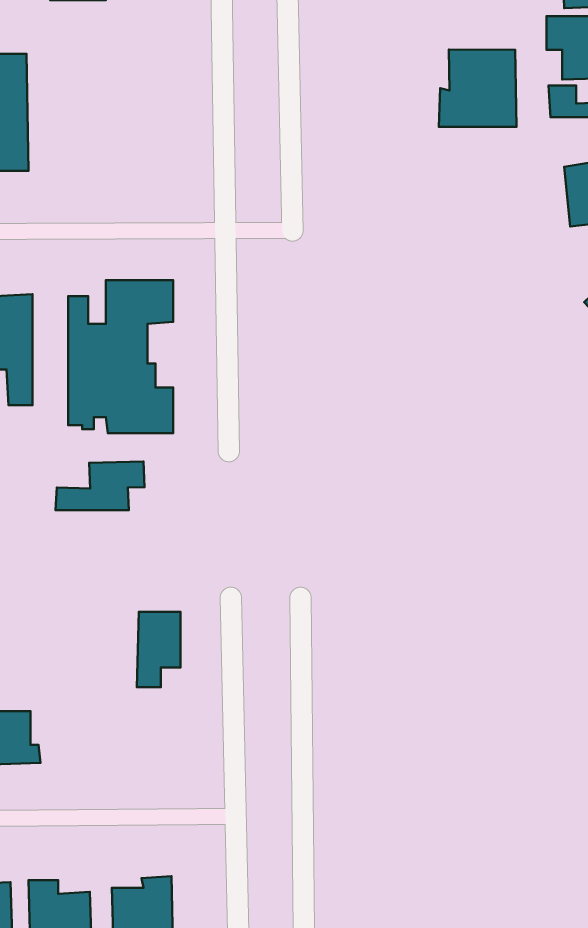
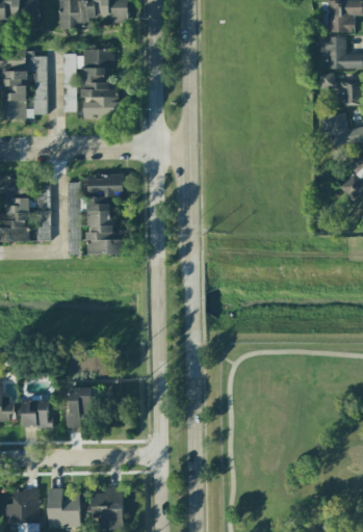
building: none -> [62,49,120,118]
building: [439,49,517,127] -> none
building: [56,462,145,510] -> none
building: [137,612,181,687] -> [69,388,92,427]

